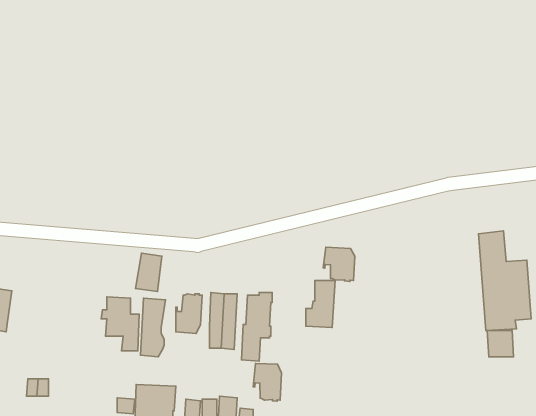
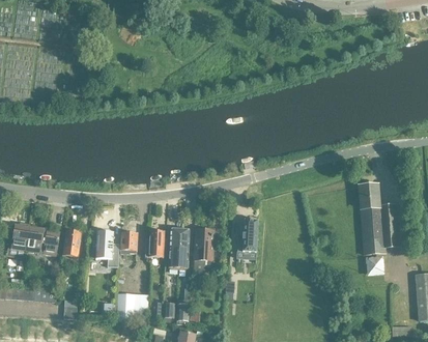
building: [323,247,355,282] -> none
building: [136,253,162,291] -> [62,229,81,256]
building: none -> [26,226,59,255]
building: [253,364,282,401] -> none

